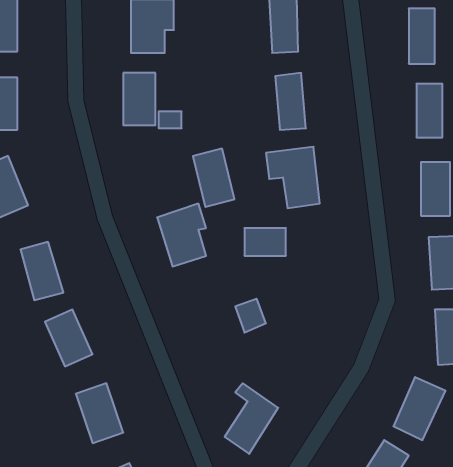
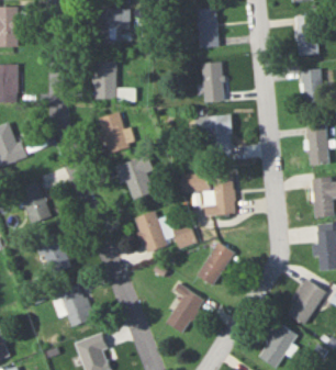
building: [193,149,234,207] -> [99,112,128,154]
building: none -> [215,175,234,216]
building: none -> [134,210,168,253]
building: none -> [195,242,235,284]

